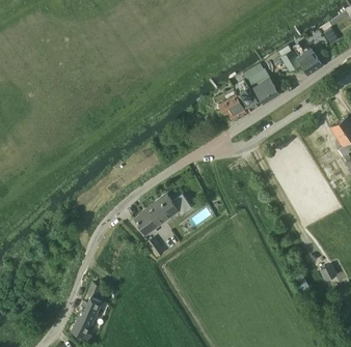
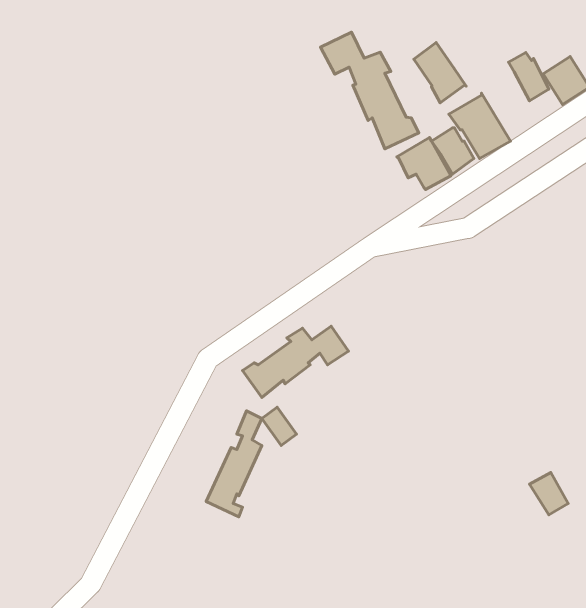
building: none -> [320,32,419,149]
building: none -> [414,42,466,103]
building: [71,282,101,339] -> [206,411,262,517]

